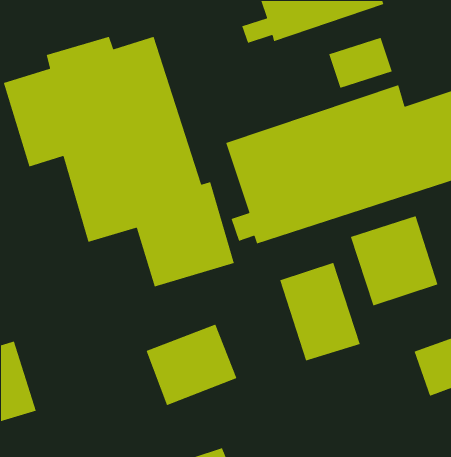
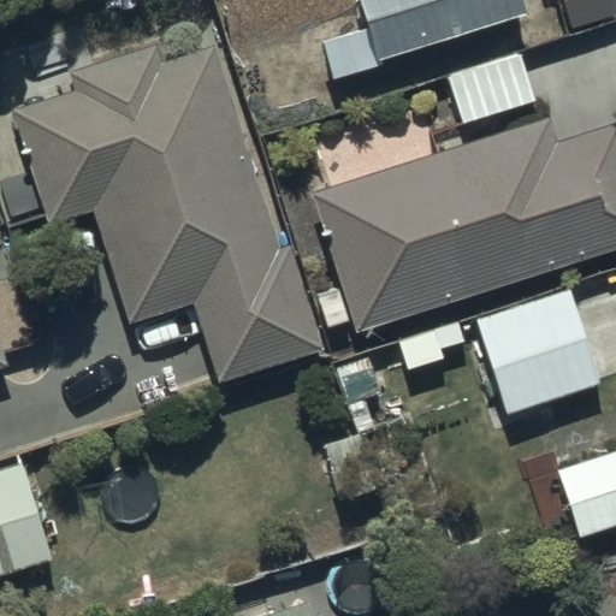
building: [279,262,361,362] -> none
building: [145,323,238,406] -> none

